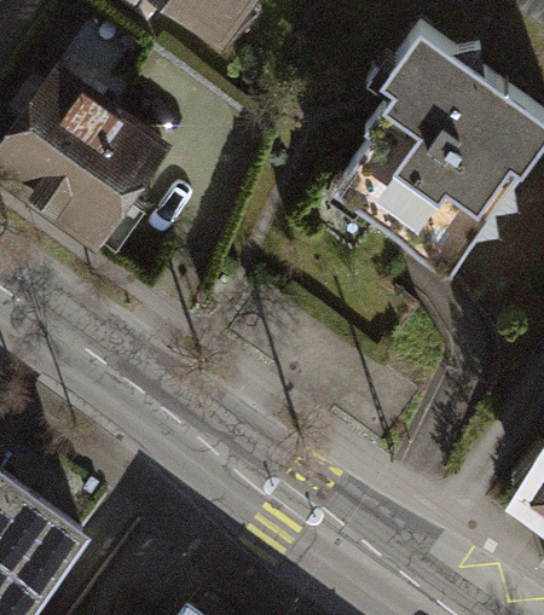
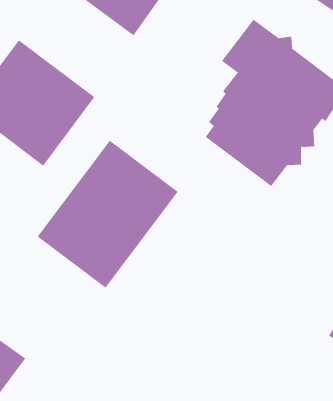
building: none -> [37,140,178,289]

